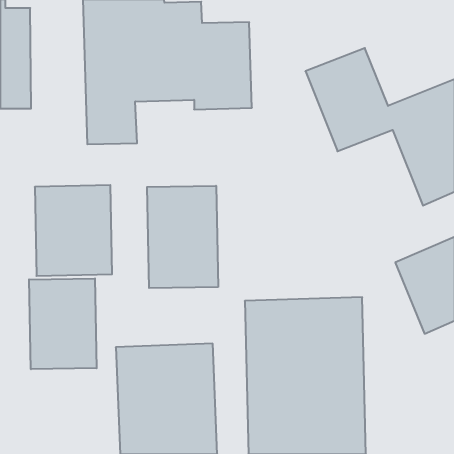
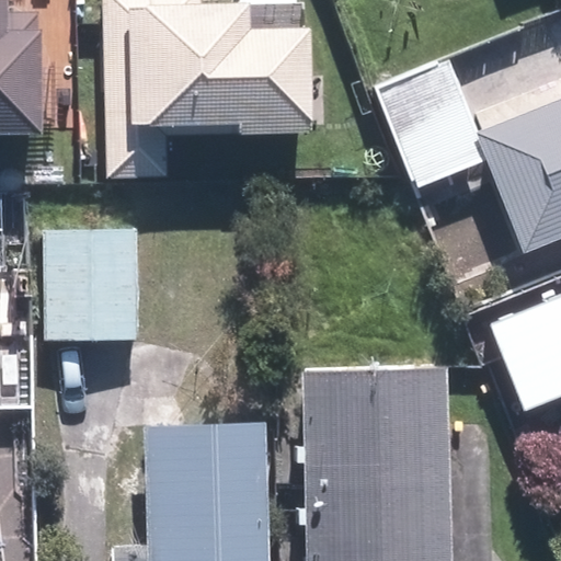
building: [147,186,218,288] -> none
building: [29,278,97,369] -> none

